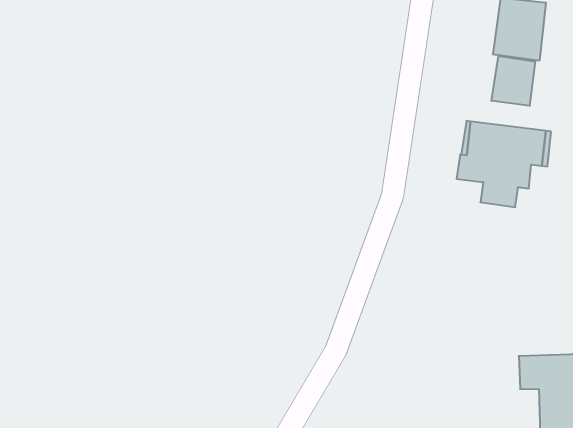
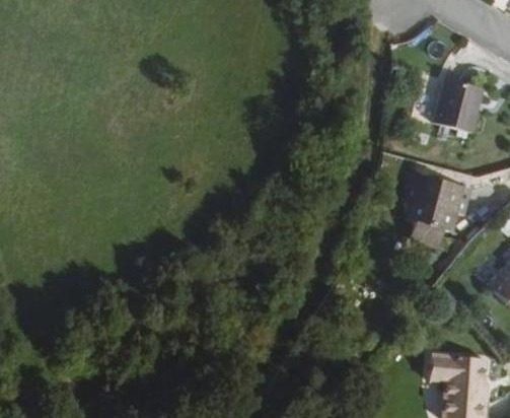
building: [491,56,535,106] -> none

